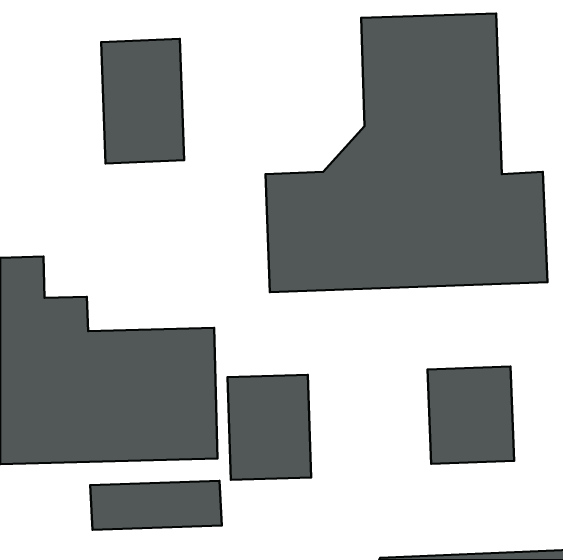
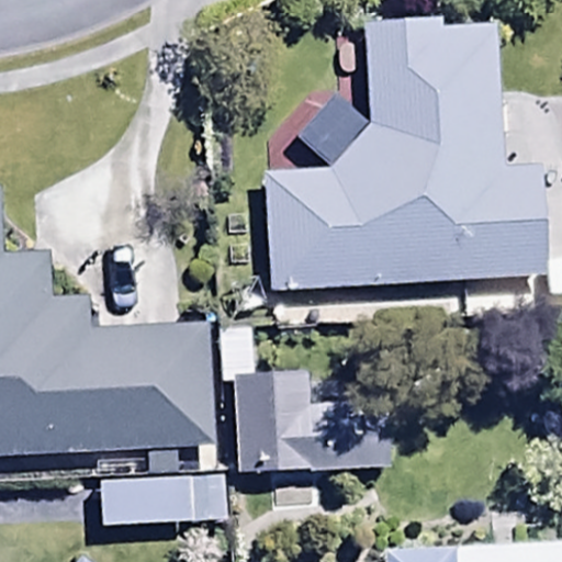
building: [101,39,184,164] -> none
building: [427,367,514,464] -> none

